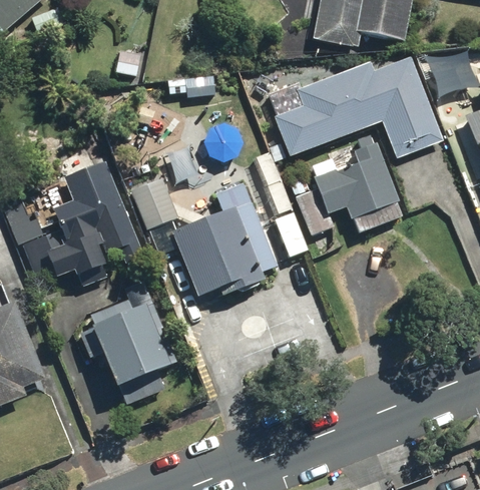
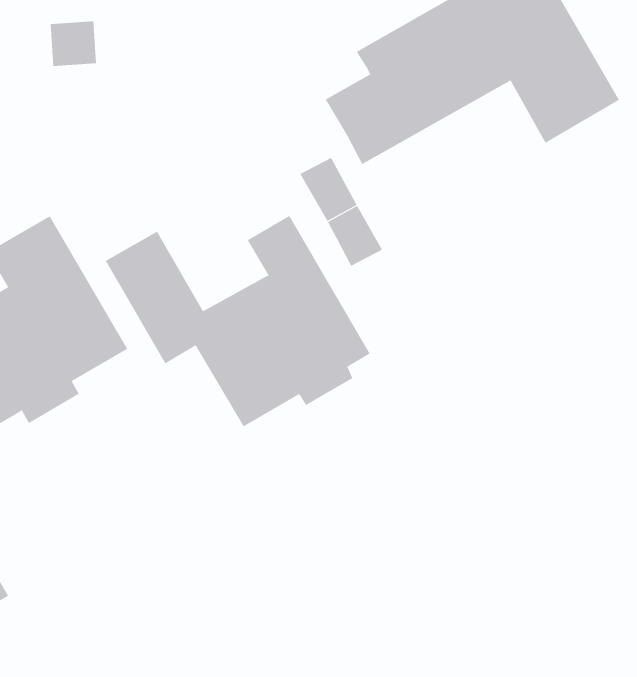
building: [297,133,406,233] -> none
building: [74,297,167,390] -> none

